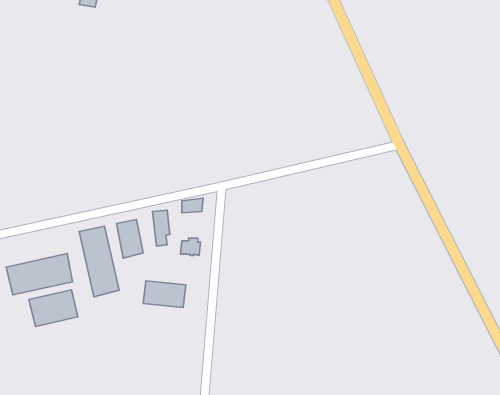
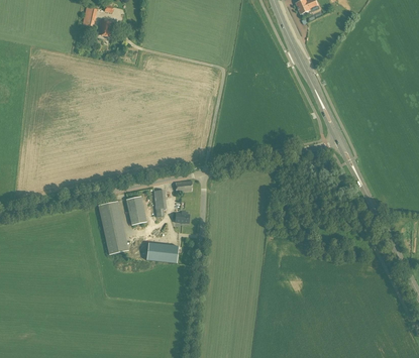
building: [6,254,72,295] -> none
building: [29,290,78,326] -> none

